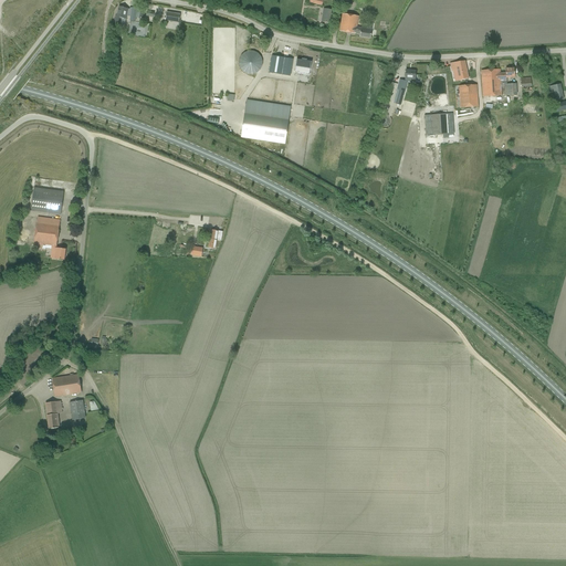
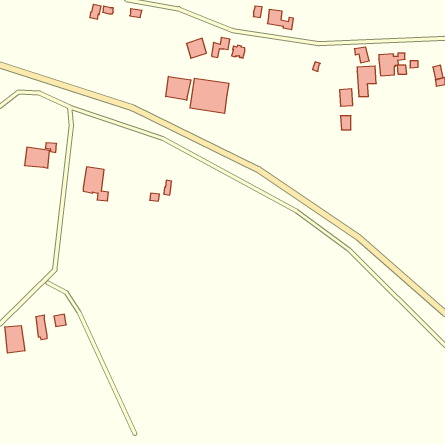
building: none -> [166,76,191,100]
building: [33,216,65,259] -> [83,167,108,201]
building: [52,374,81,396] -> none
building: none -> [5,326,25,353]

